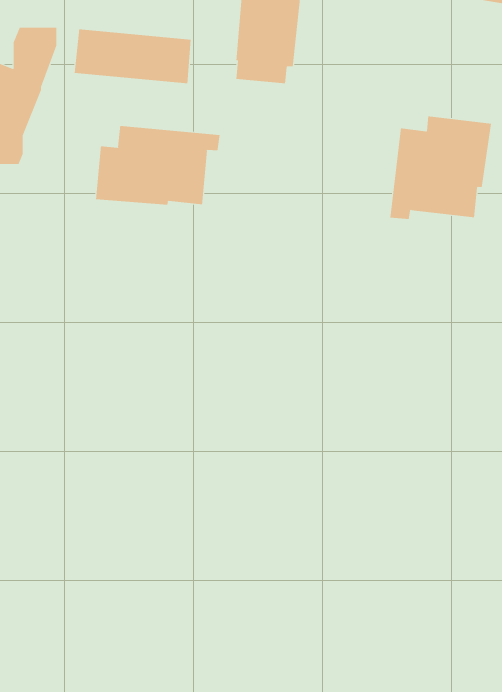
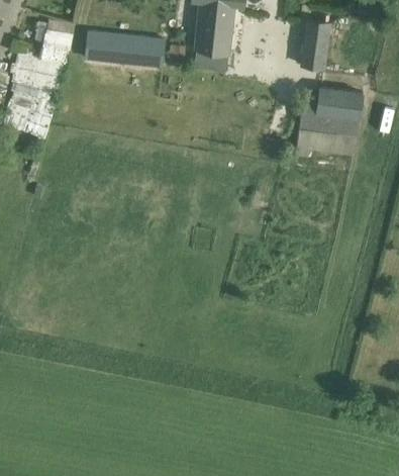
building: none -> [300,19,330,68]
building: [96,125,220,205] -> none

